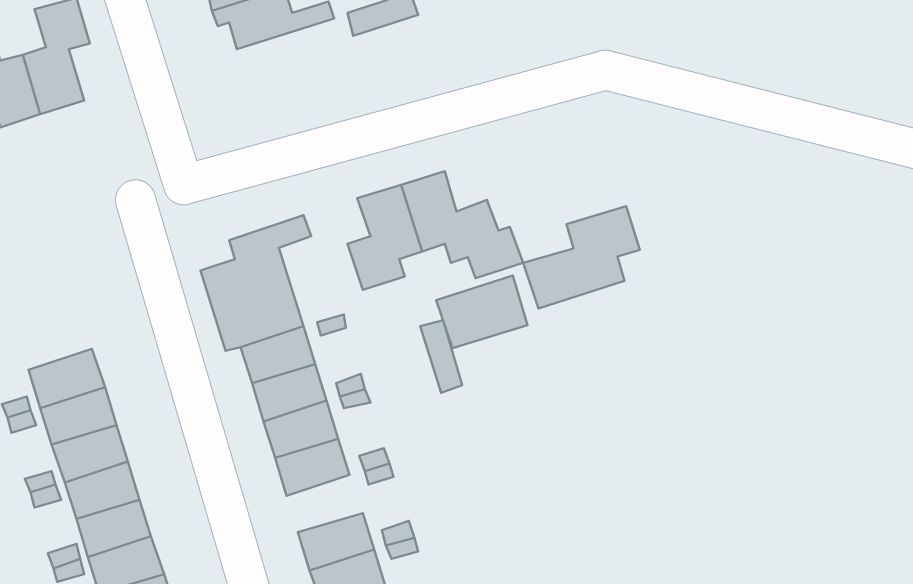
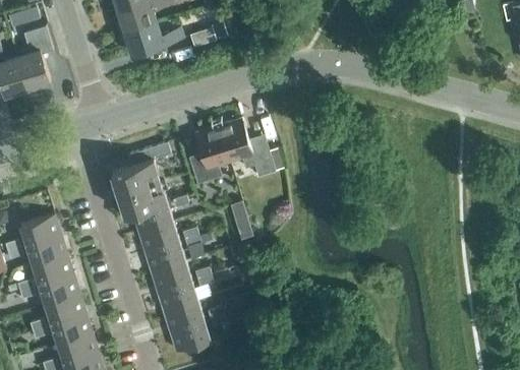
building: [523,206,640,308] -> none
building: [436,276,527,348] -> none
building: none -> [158,282,198,312]

